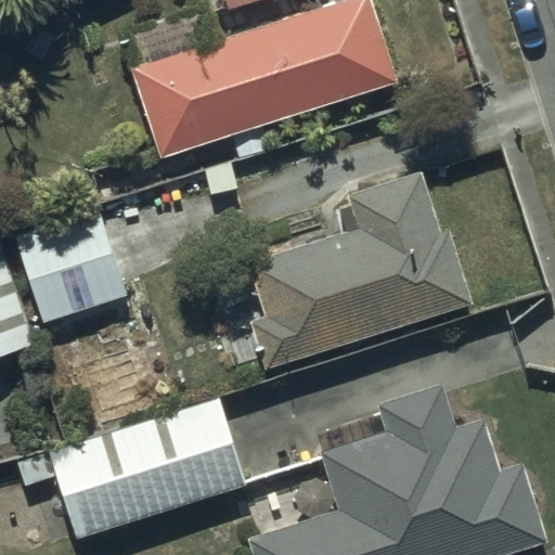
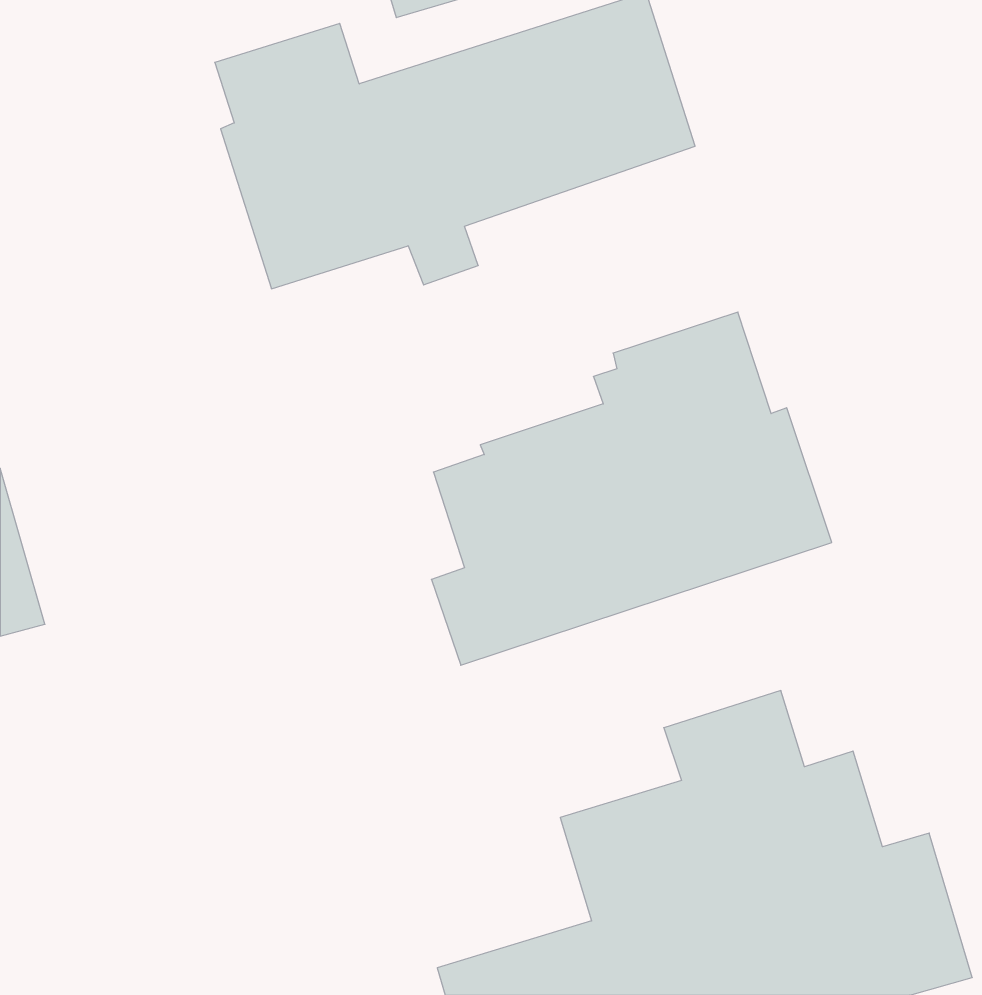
building: [16,208,130,324] -> none
building: [23,399,247,540] -> none

